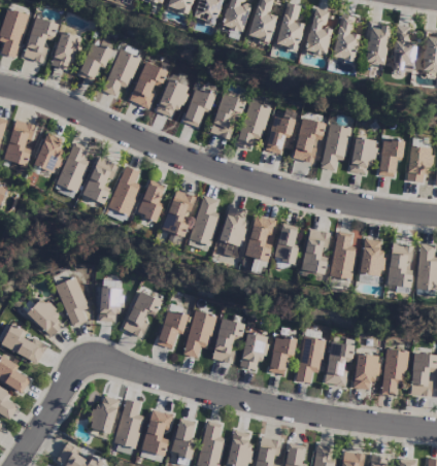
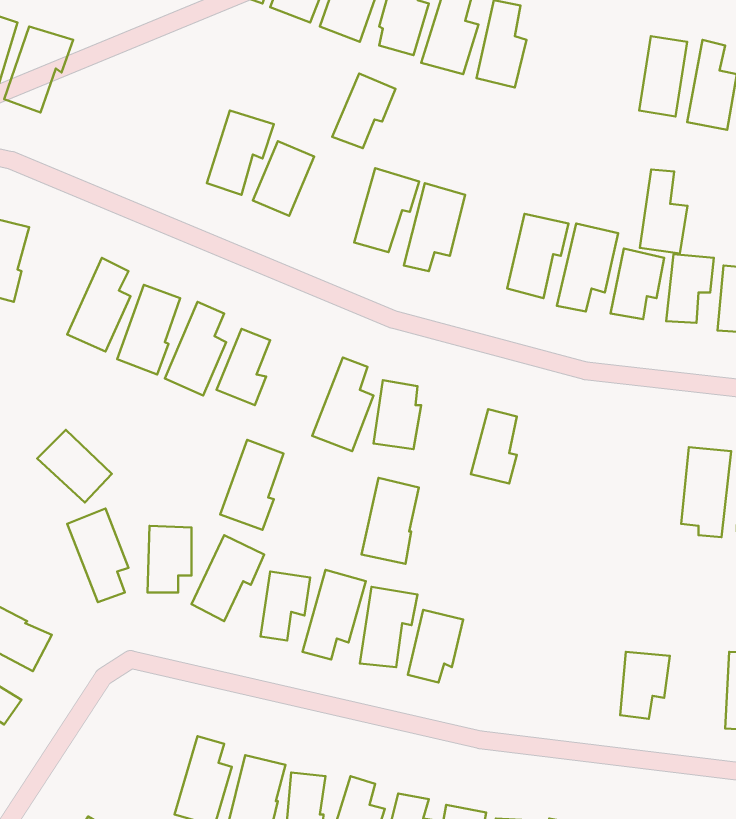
building: [304,7,331,55] -> none
building: [333,14,359,60] -> [640,169,688,254]
building: [51,31,82,70] -> none
building: [78,41,111,81] -> none
building: [102,47,141,96] -> none
building: [181,87,215,127] -> [332,74,395,148]
building: [264,113,296,154] -> none
building: [34,132,64,172] -> none
building: [161,189,195,237] -> [220,440,283,530]
building: [244,214,275,261] -> [361,478,419,564]
building: [301,228,330,274] -> none
building: [329,231,358,279] -> none
building: [359,238,385,276] -> none
building: [26,298,66,337] -> [37,430,112,503]
building: [268,335,297,374] -> none
building: [297,336,325,382] -> none
building: [325,342,355,386] -> none
building: [380,348,408,395] -> none
building: [91,394,120,433] -> none

